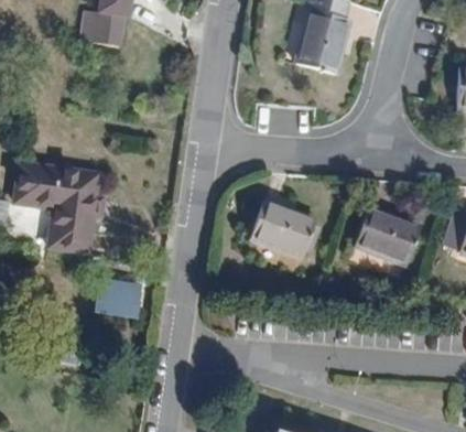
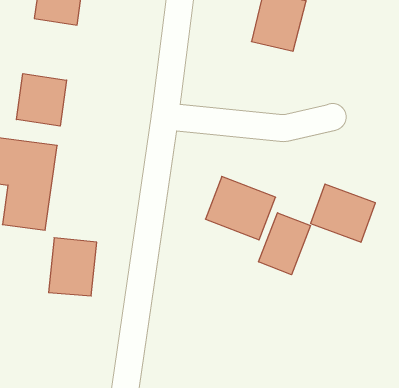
building: none -> [16,74,67,126]
building: none -> [259,213,310,275]

